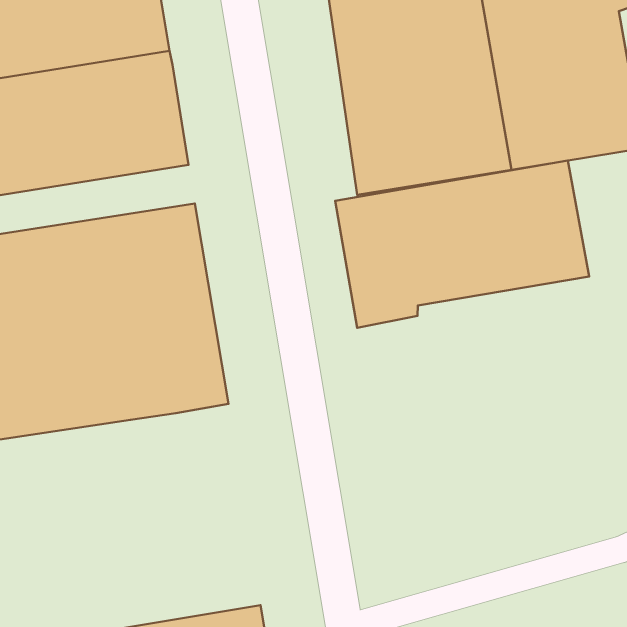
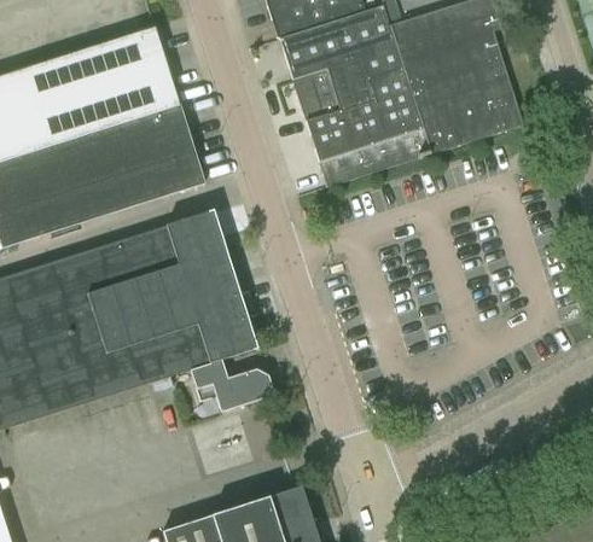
building: [335,161,589,328] -> none
building: none -> [188,360,268,412]

